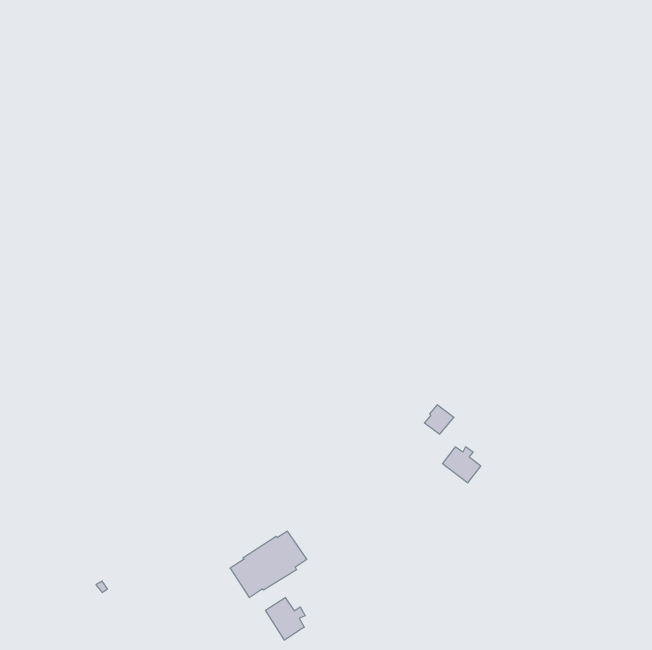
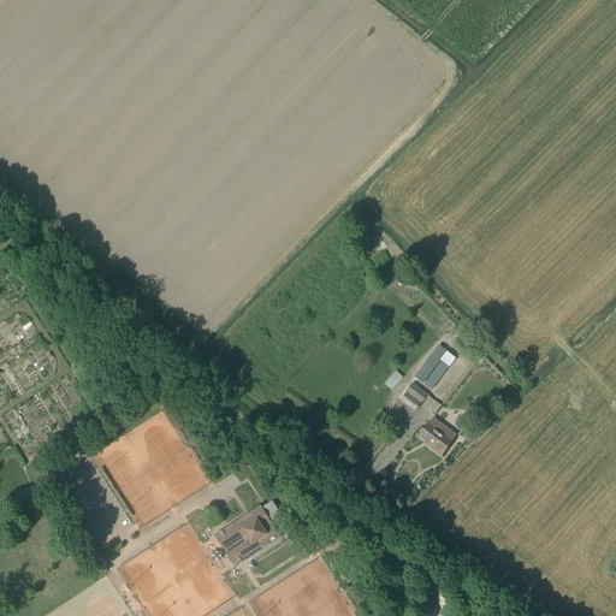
building: none -> [413,343,455,387]
building: [265,597,305,640] -> none

